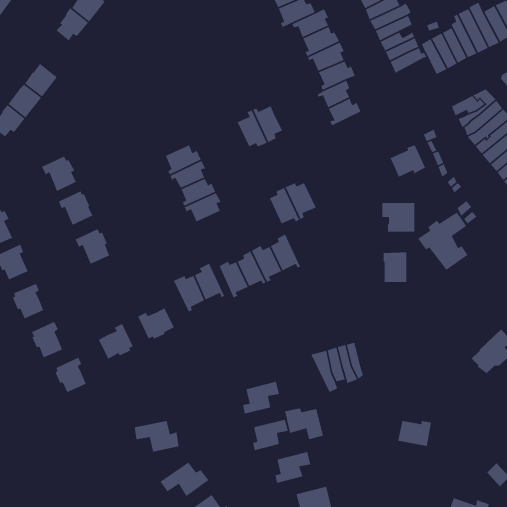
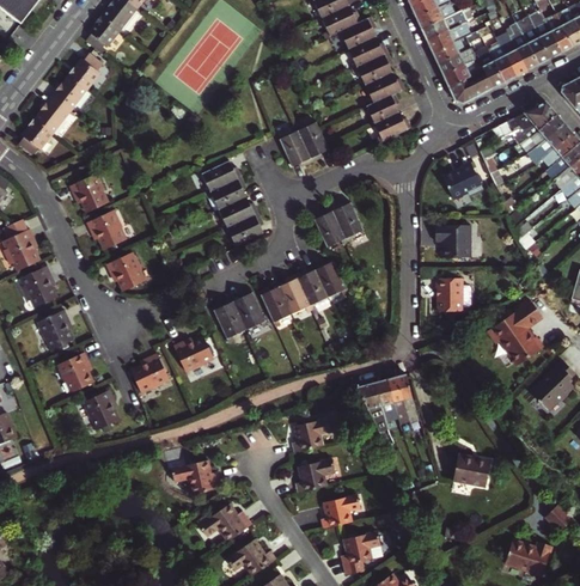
building: none -> [68,55,102,91]
building: none -> [448,74,493,104]
building: [417,212,468,271] -> [487,300,542,364]
building: [284,408,324,440] -> none

